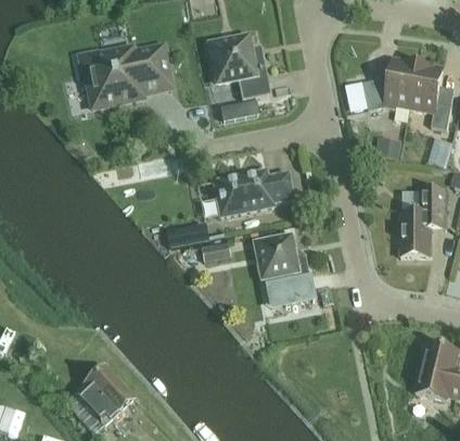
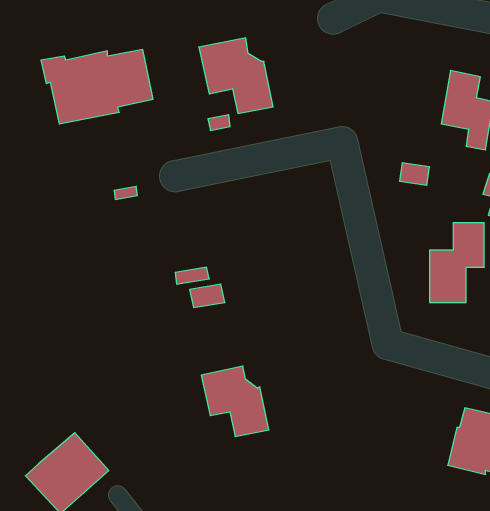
building: [362,59,418,111] -> none
building: [213,169,293,217] -> none
building: [255,236,311,294] -> [201,366,269,436]

